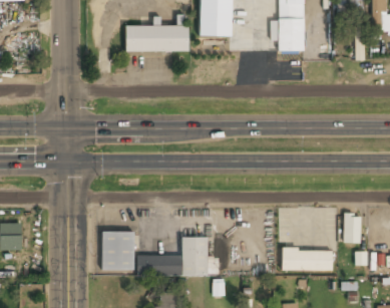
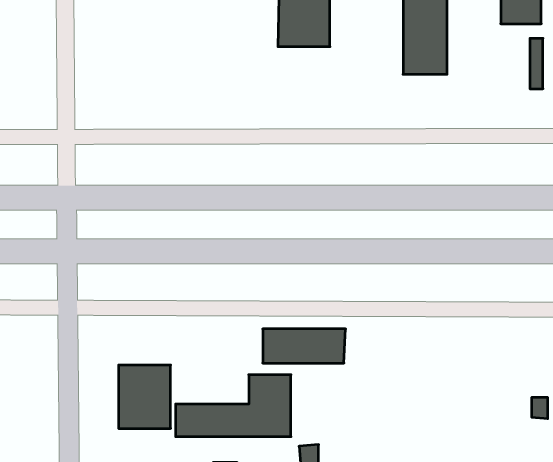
building: [124,26,188,52] -> none
building: [344,214,360,243] -> none
building: [282,249,333,270] -> [263,329,346,363]

